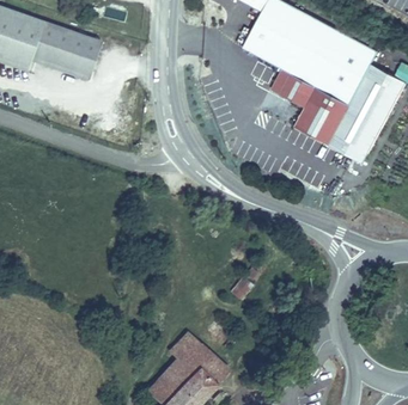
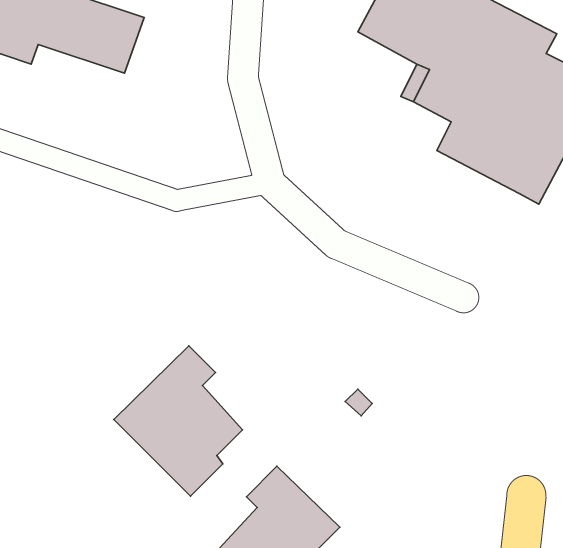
building: none -> [114,346,243,496]

